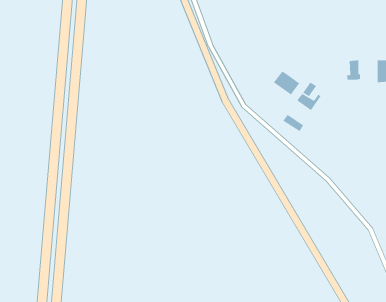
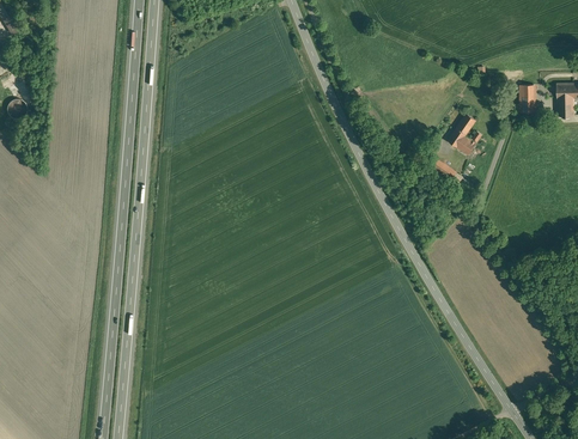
building: [273,70,300,96] -> none

